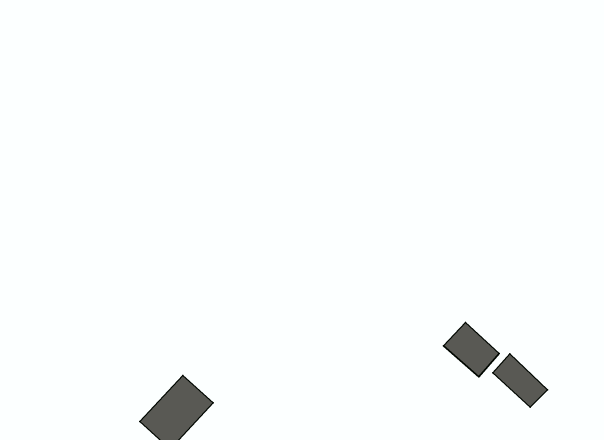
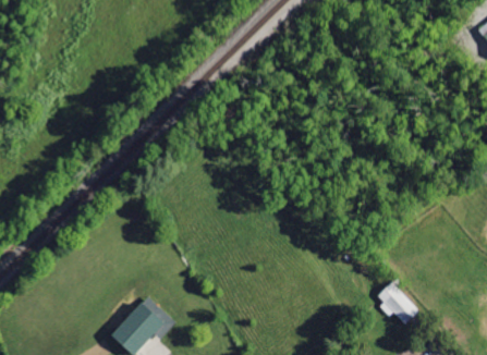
building: [444,322,499,377] -> none

